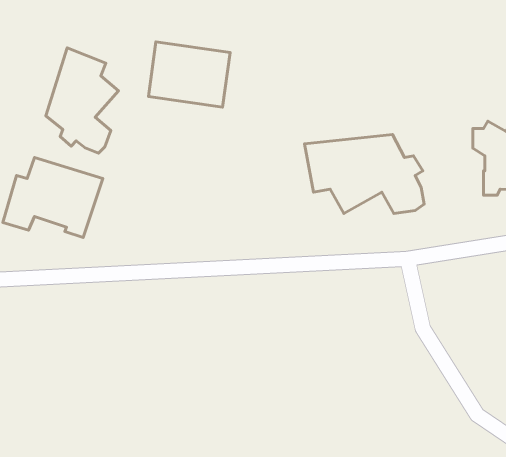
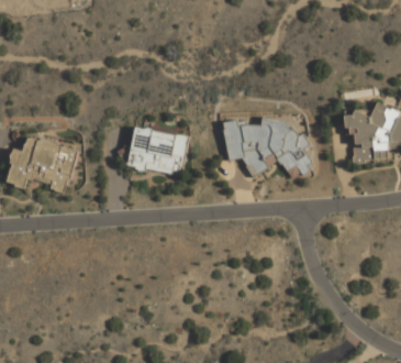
building: [148,42,230,107] -> [126,127,186,174]
building: [46,48,119,153] -> none

